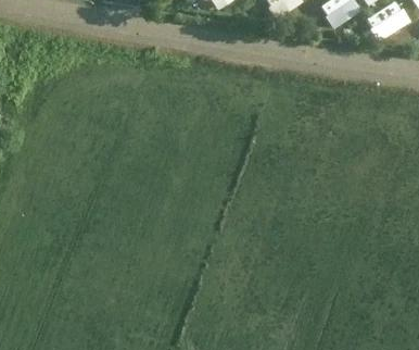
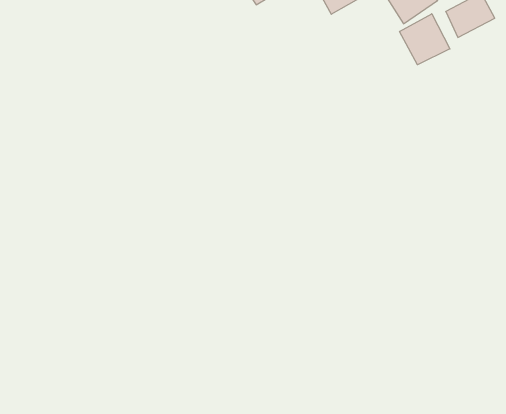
building: none -> [400,14,450,65]

